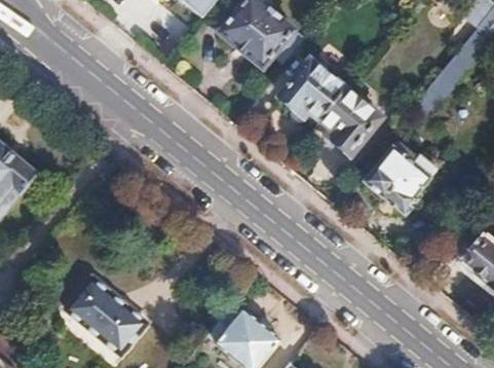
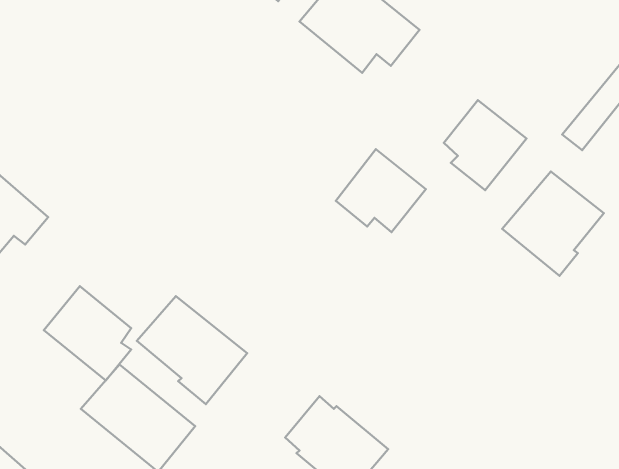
building: [282,61,347,120] -> [336,149,426,232]
building: none -> [44,286,131,380]
building: none -> [137,296,247,404]

